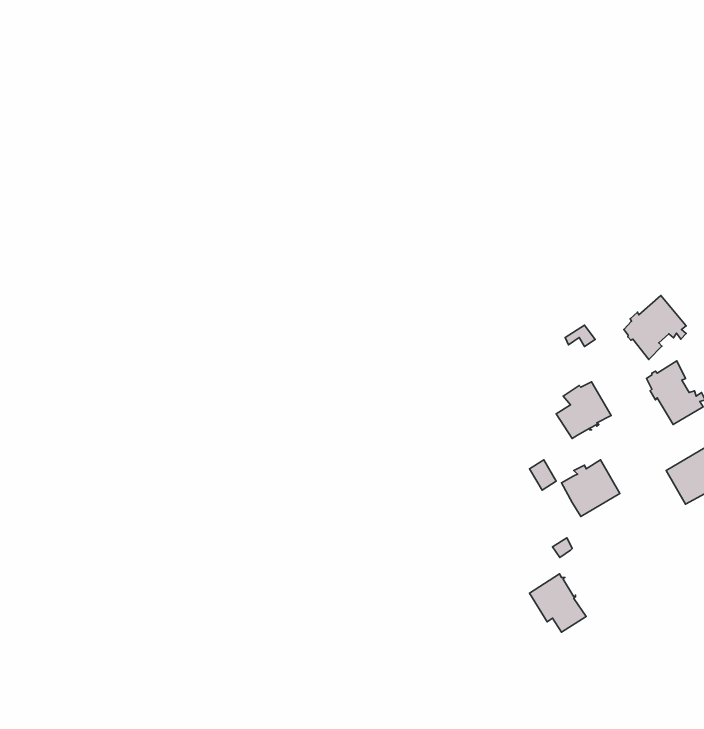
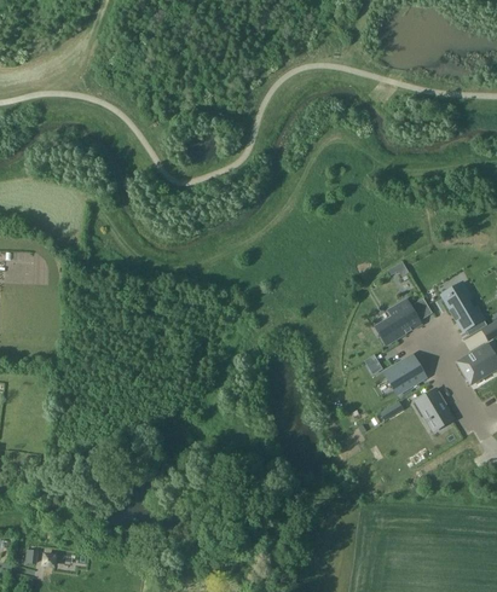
building: [624,296,686,360] -> none
building: [530,574,586,632] -> [415,389,453,429]

